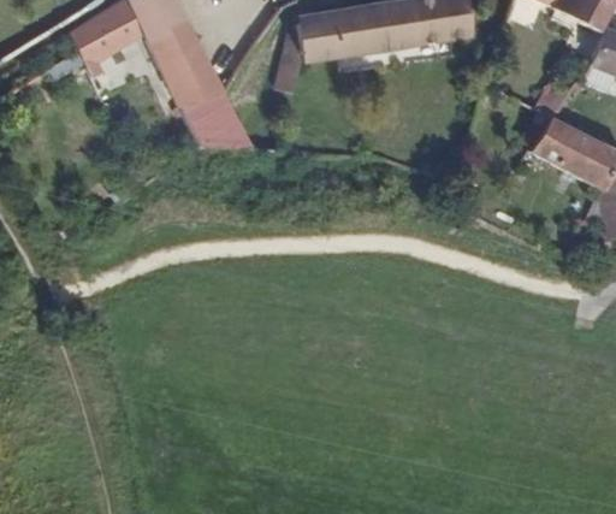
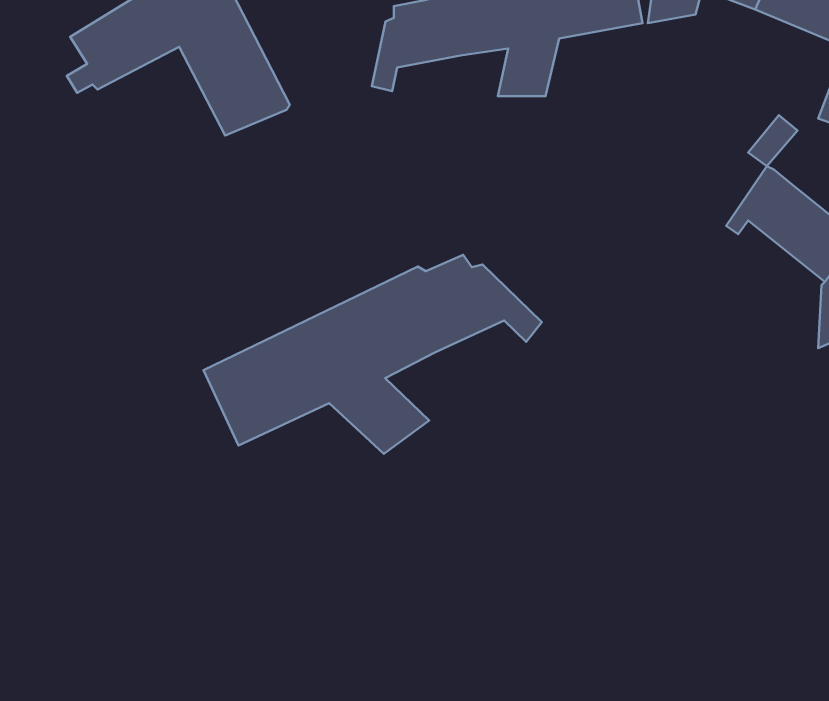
building: [179,82,259,152] -> none
building: none -> [203,255,542,454]

